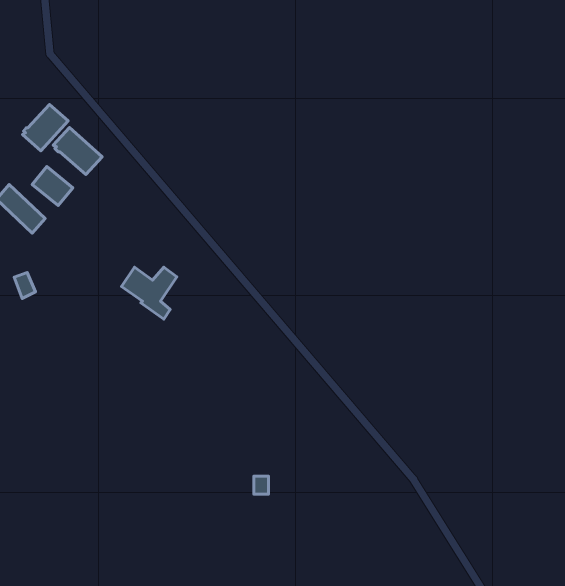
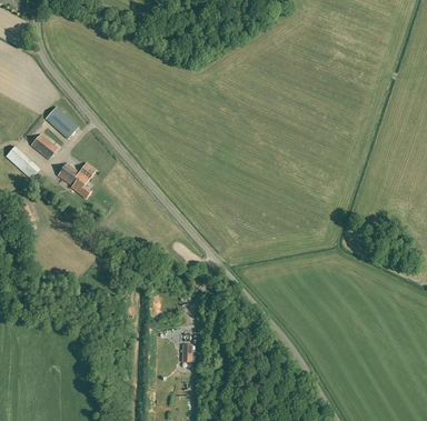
building: [22,104,68,151] -> none
building: [121,267,177,319] -> [58,162,96,198]

